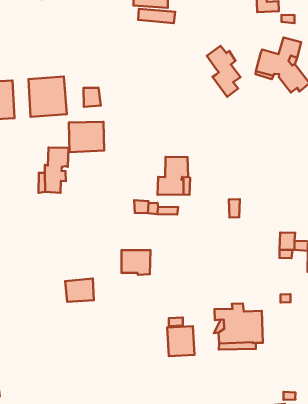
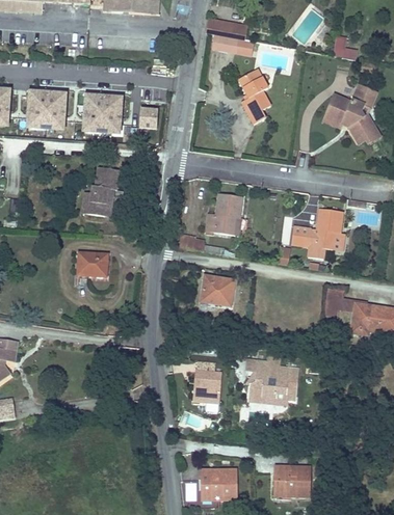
building: [207,46,241,97] -> [238,70,270,124]
building: [69,122,104,152] -> none
building: none -> [290,208,342,259]
building: [122,250,151,275] -> [201,275,234,304]
building: [65,278,94,302] -> [77,252,107,276]

